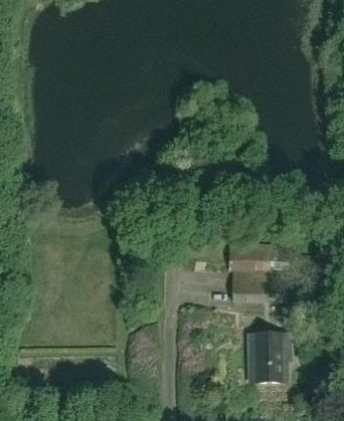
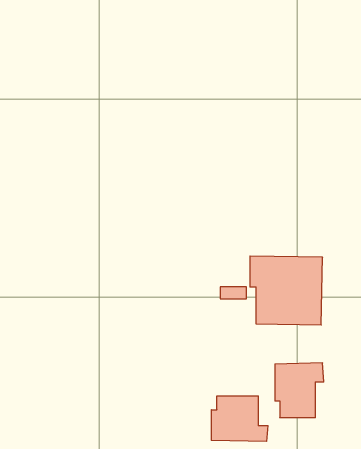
building: none -> [211,396,268,441]

